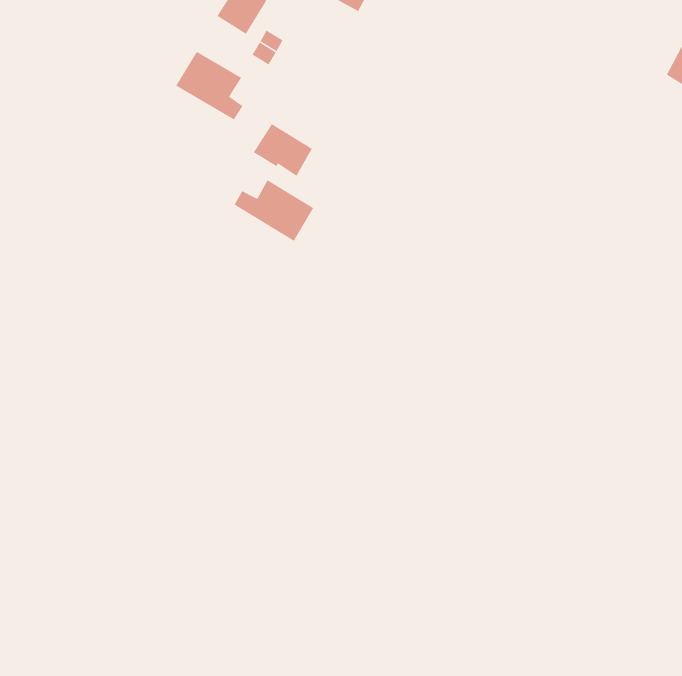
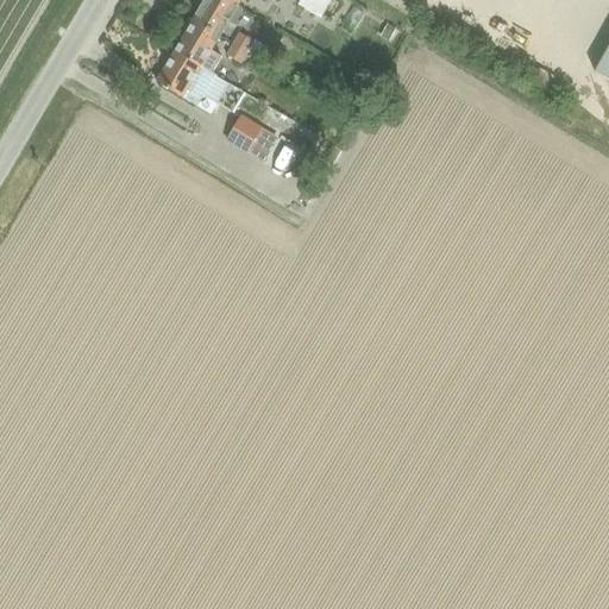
building: none -> [176,14,222,69]
building: [233,179,314,242] -> none

